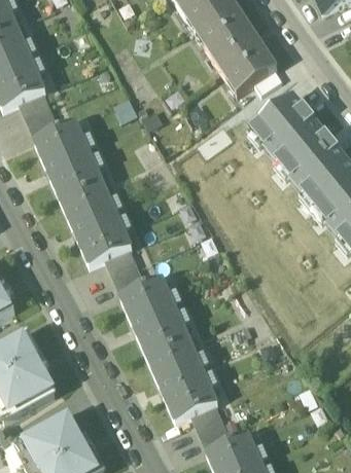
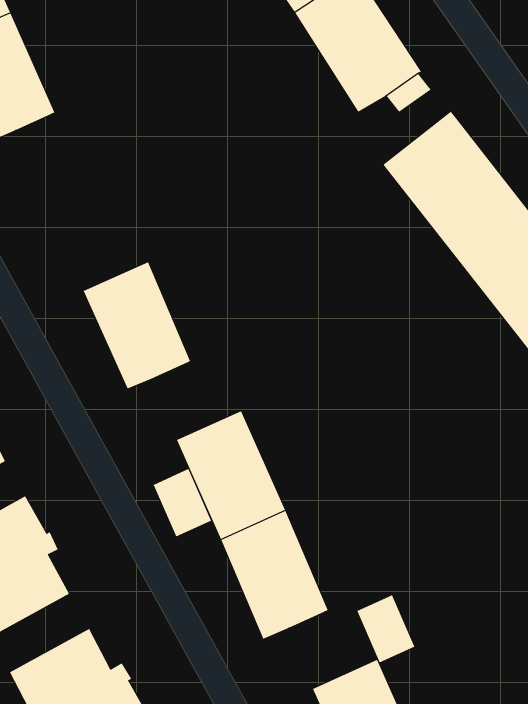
building: [20,90,57,134] -> none
building: [34,120,103,202] -> none
building: [105,247,142,290] -> [153,468,212,537]
building: [191,403,229,446] -> [356,594,415,663]

